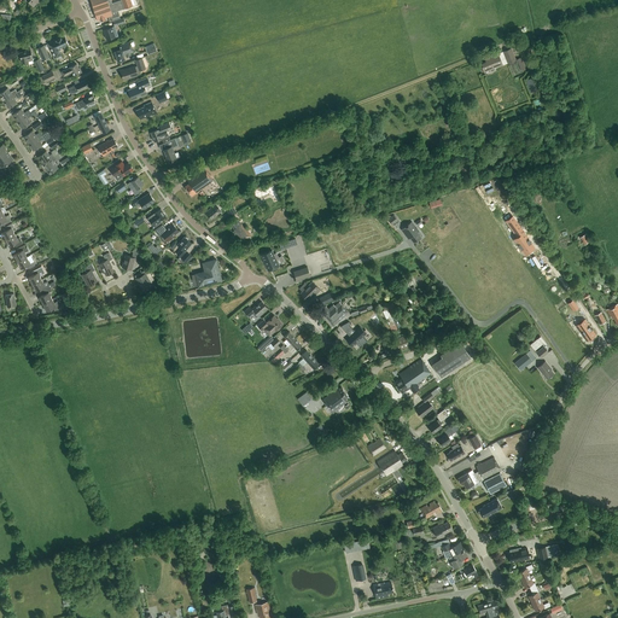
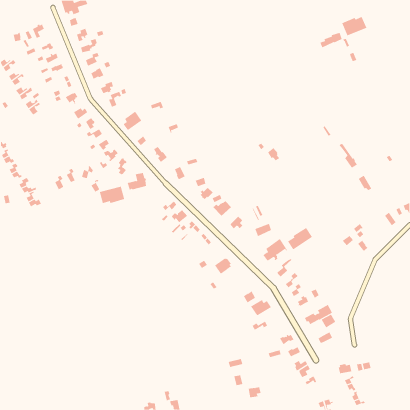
building: none -> [342,16,367,36]
building: none -> [99,186,125,204]

